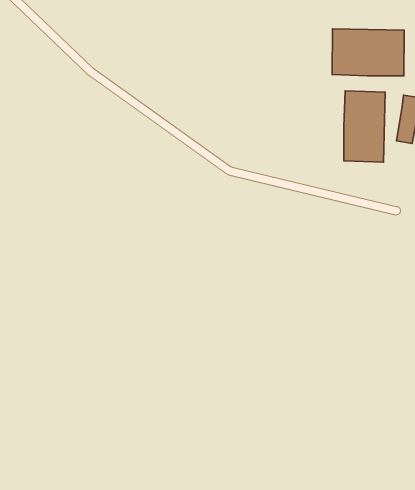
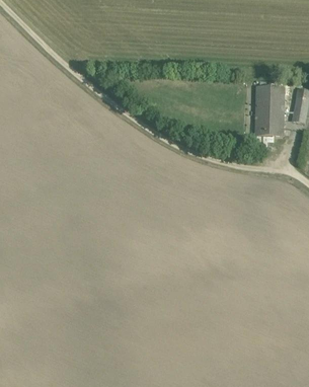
building: [332,29,404,76] -> none

